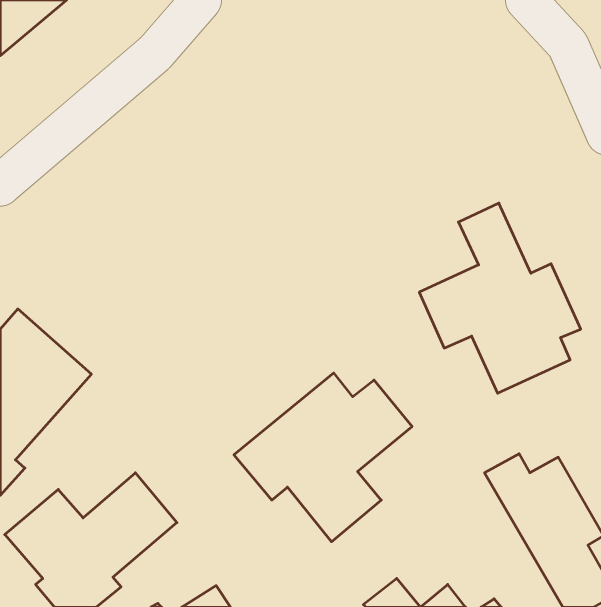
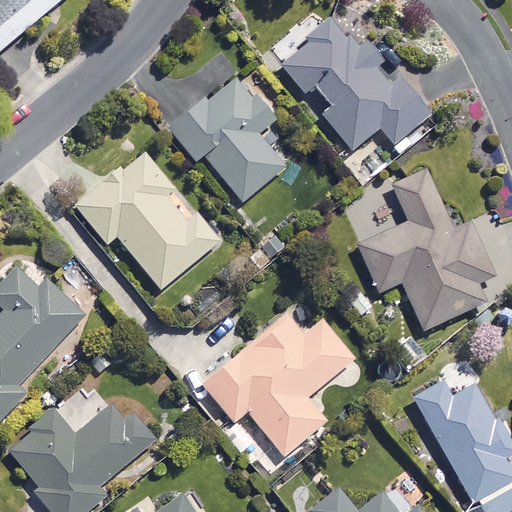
building: none -> [277,19,428,150]
building: none -> [168,77,285,202]
building: none -> [75,150,219,290]

